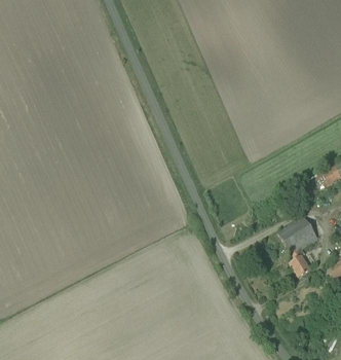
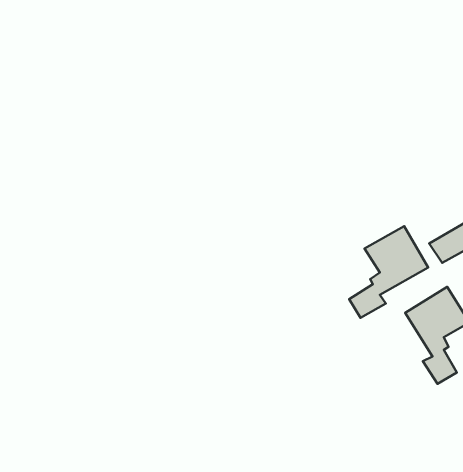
building: none -> [349,226,428,318]

